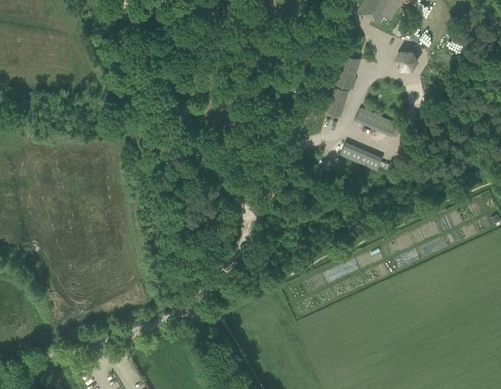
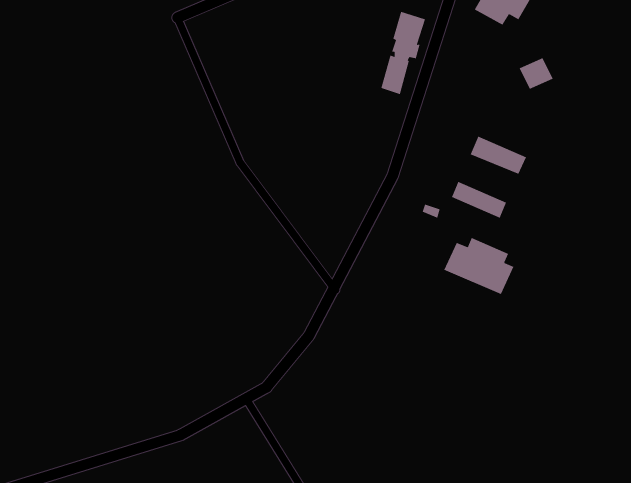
building: [326,53,360,116] -> [381,11,426,95]
building: none -> [444,237,514,295]

